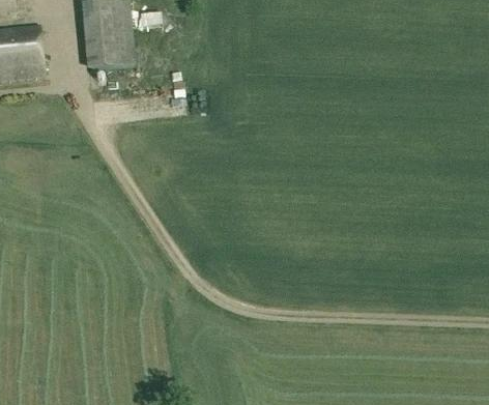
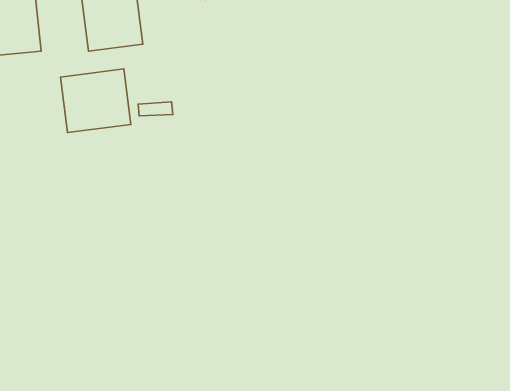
building: none -> [60,69,131,132]

